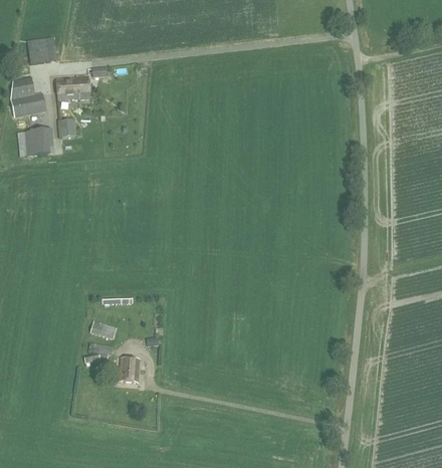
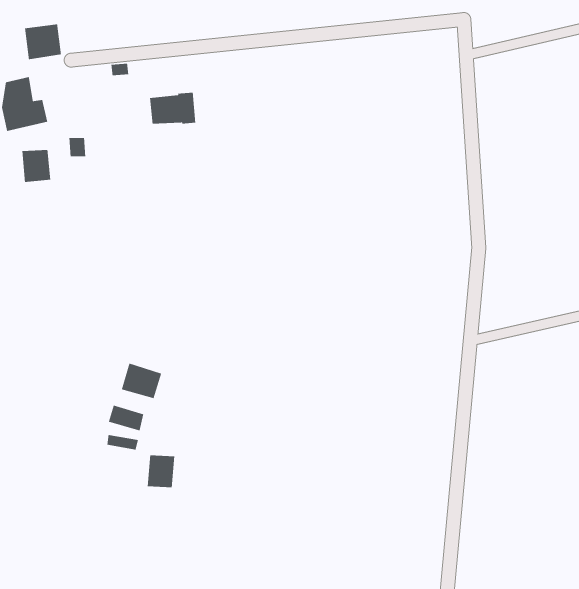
building: [55,74,90,98] -> [149,92,196,124]
building: none -> [121,363,162,399]

